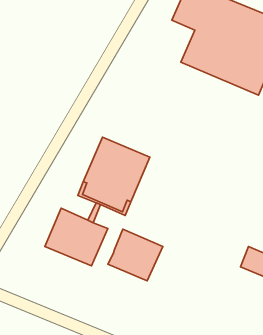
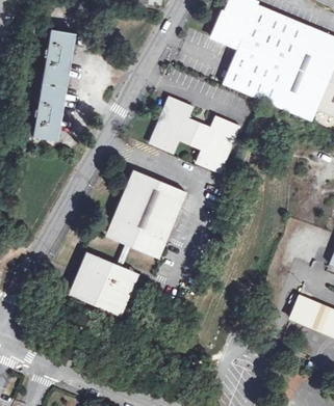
building: none -> [33,28,76,141]
building: none -> [151,98,238,171]
building: [108,229,163,281] -> none

